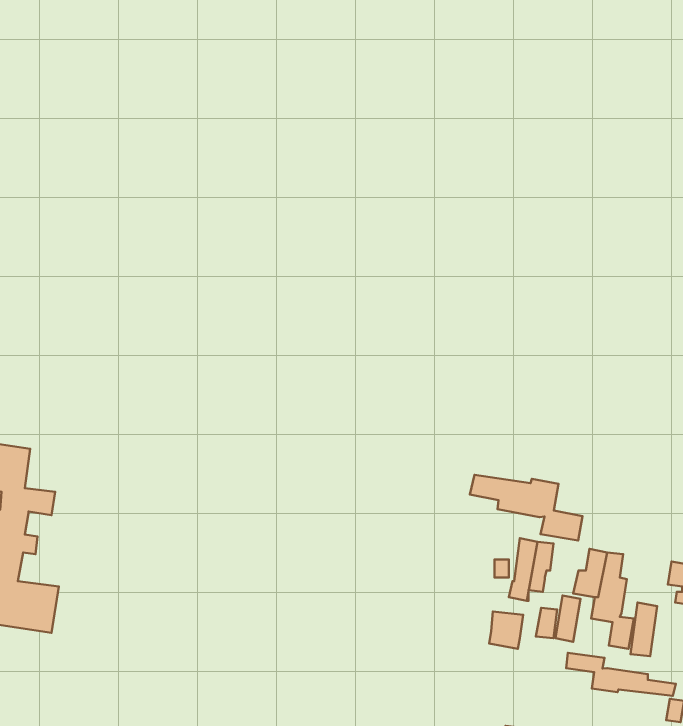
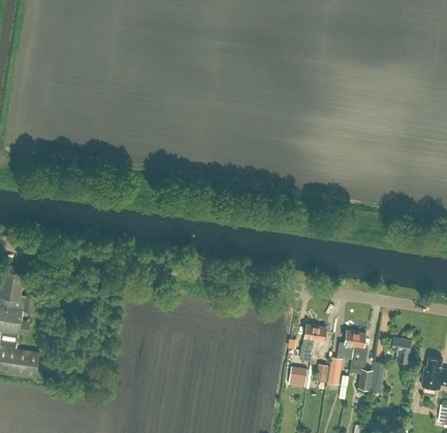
building: [470,475,582,541] -> none
building: [566,653,676,696] -> none

